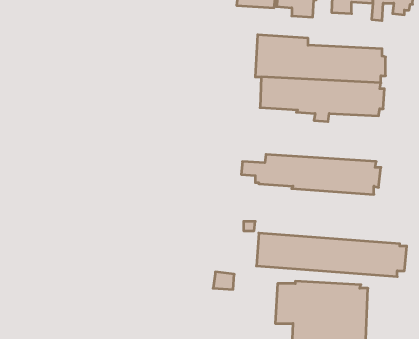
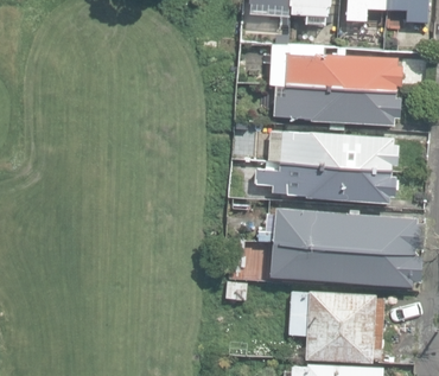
building: none -> [267,130,400,170]
building: none -> [273,208,424,254]

